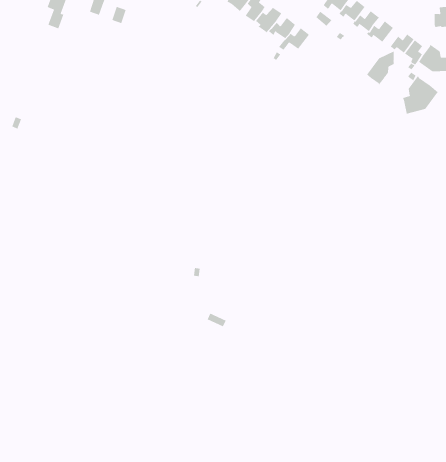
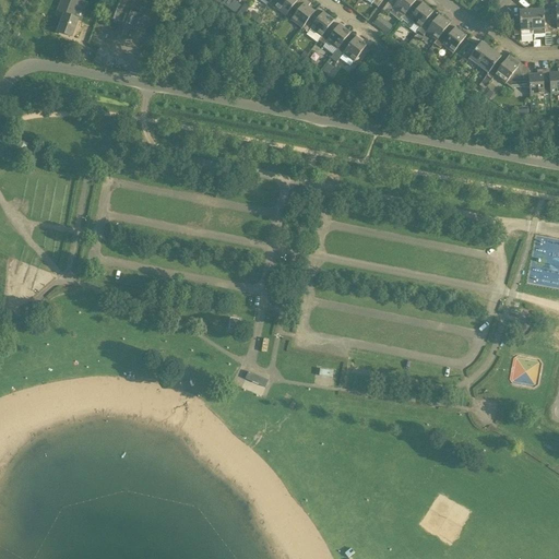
building: [366,51,394,85] -> none
building: [403,76,439,115] -> none

